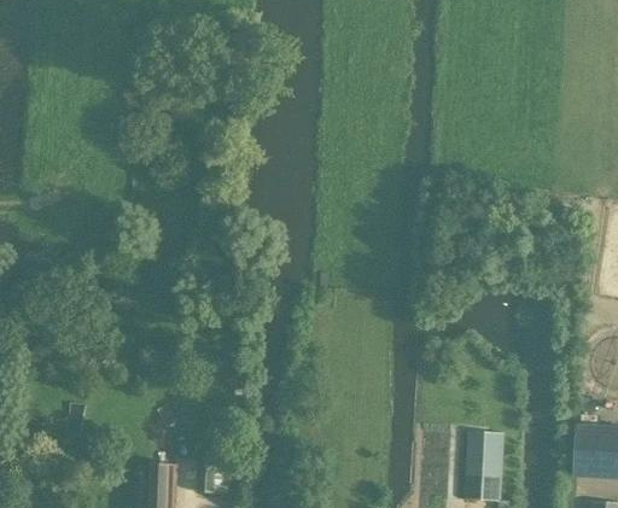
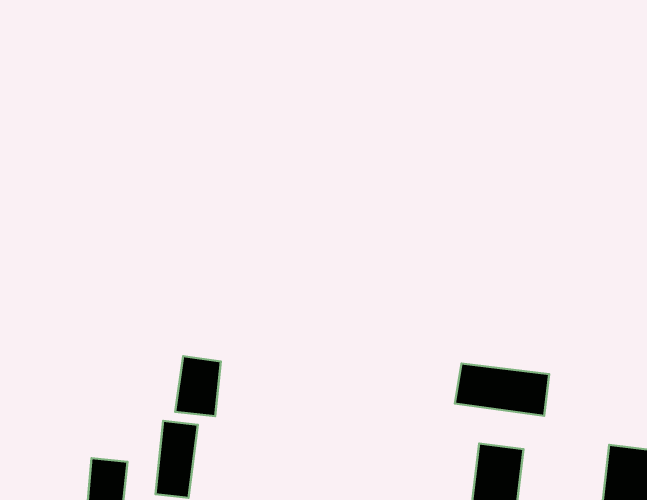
building: none -> [455,363,549,416]
building: none -> [175,356,221,416]

